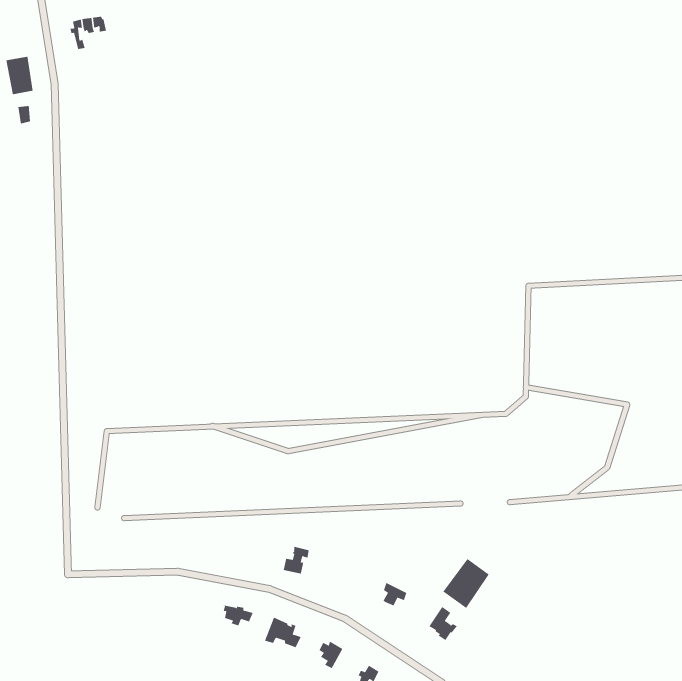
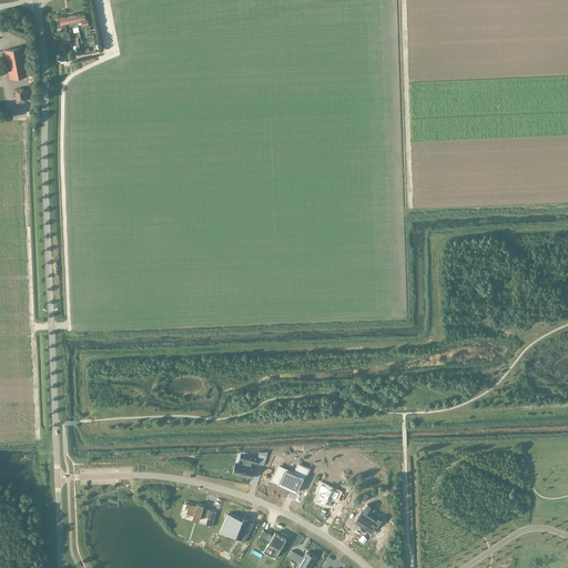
building: [443,558,490,609] -> none
building: none -> [273,466,310,490]

